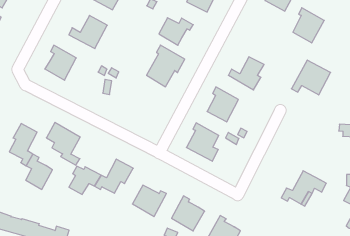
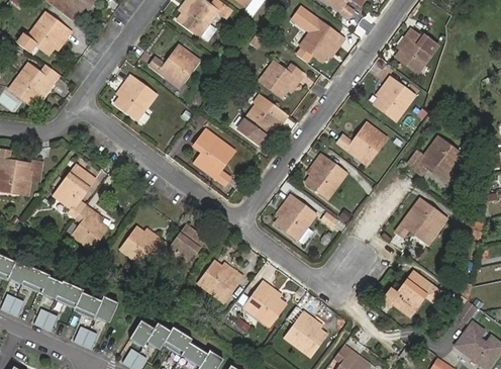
building: [293,8,324,43] -> [375,76,415,120]
building: none -> [396,198,446,243]
building: [46,122,80,165] -> [193,128,234,184]

